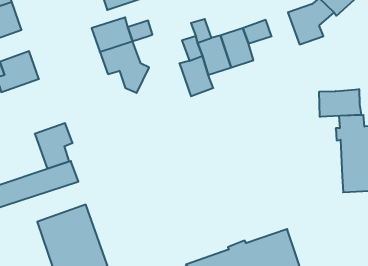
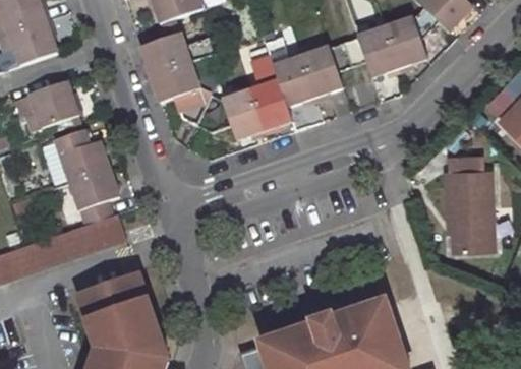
building: none -> [358,29,400,78]
building: none -> [198,93,266,142]
building: [319,89,361,117] -> none
building: none -> [56,126,110,180]

